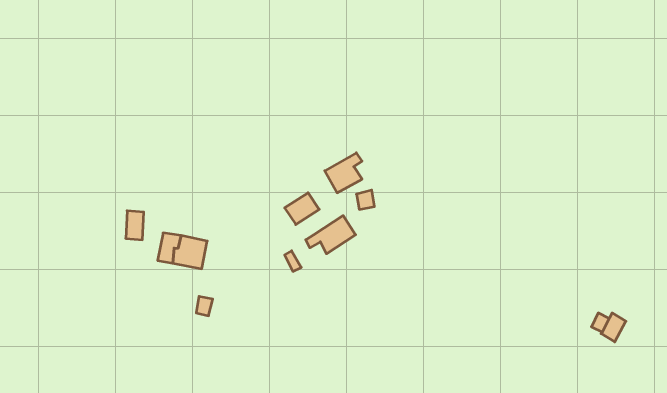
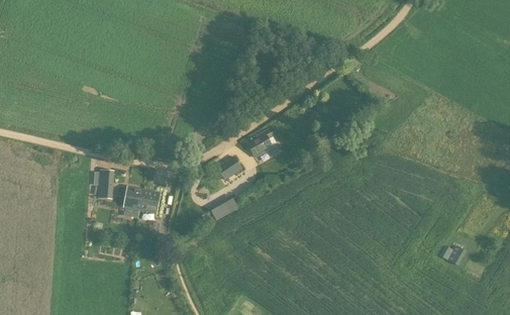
building: [306,216,356,254] -> none

